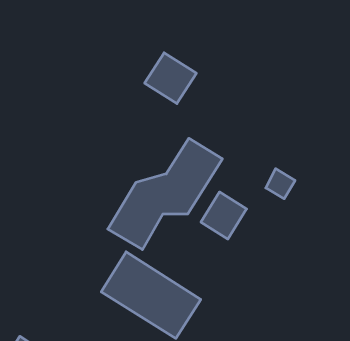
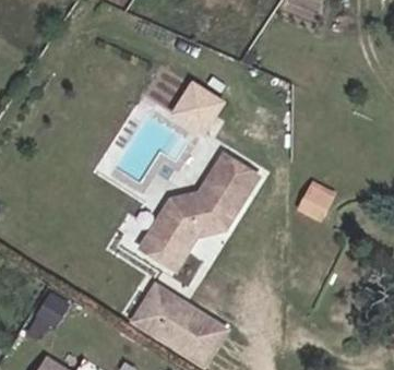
building: [201,192,247,239] -> none

